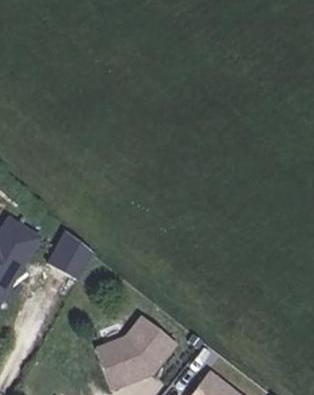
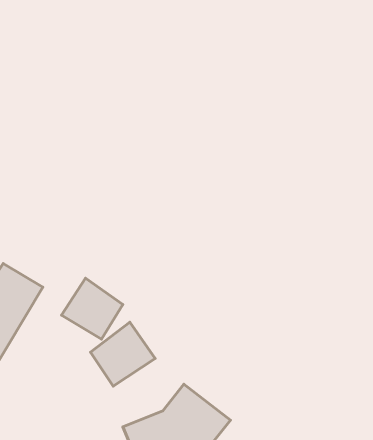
building: none -> [90,322,155,386]

